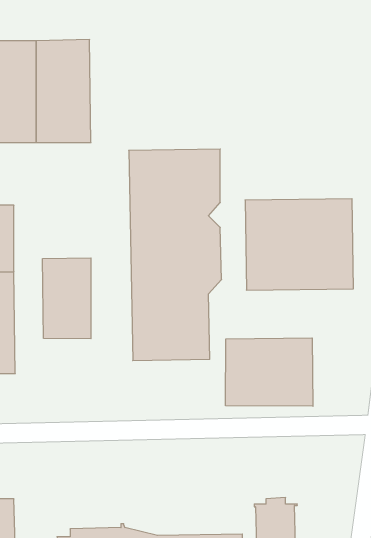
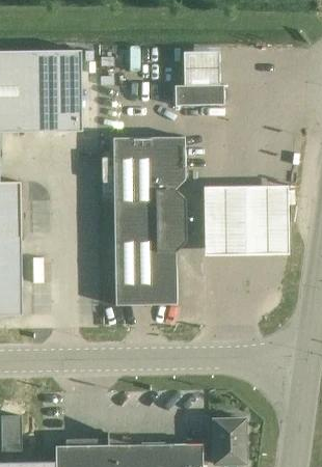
building: none -> [172,52,222,106]
building: [43,258,91,339] -> none
building: [226,338,313,406] -> none

